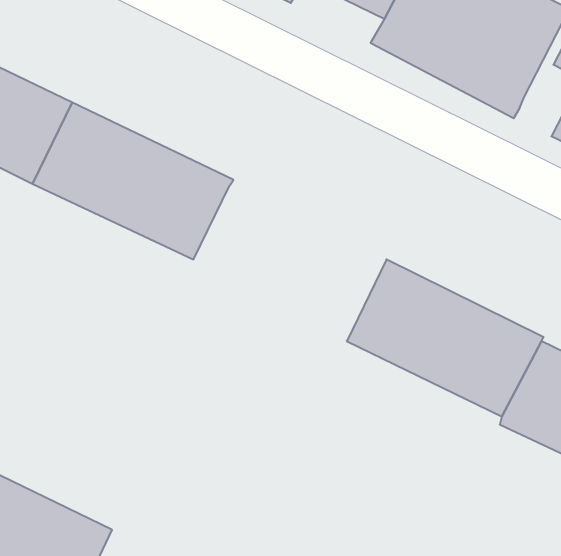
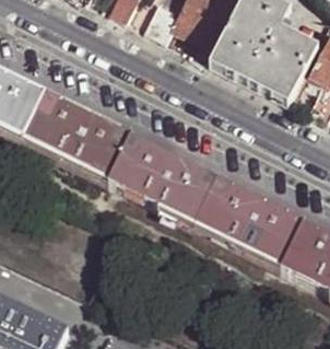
building: none -> [110,136,219,221]

